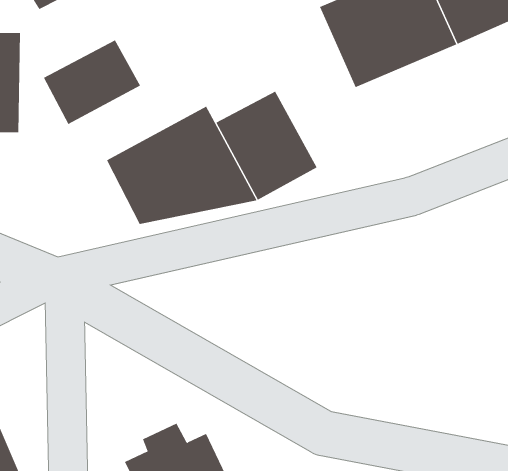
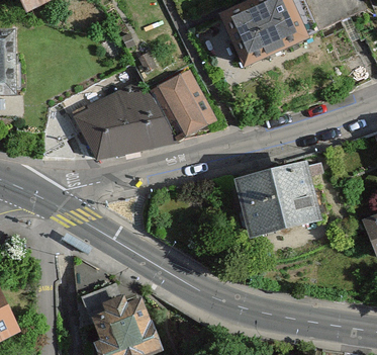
building: [43,40,141,125] -> none
building: none -> [234,159,321,236]

